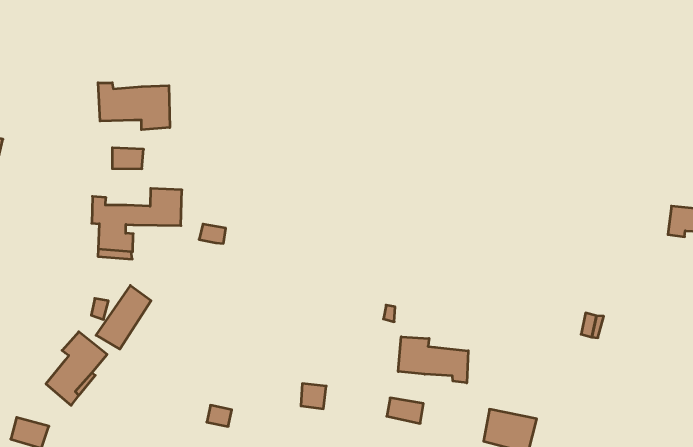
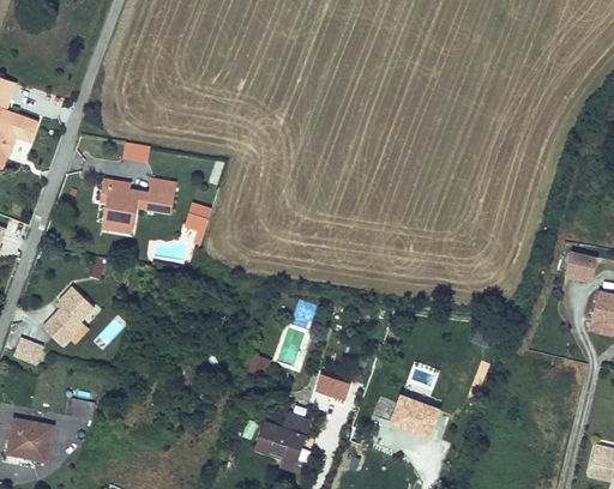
building: [98,83,170,130] -> none
building: [96,285,151,349] -> none
building: [398,337,468,383] -> none

